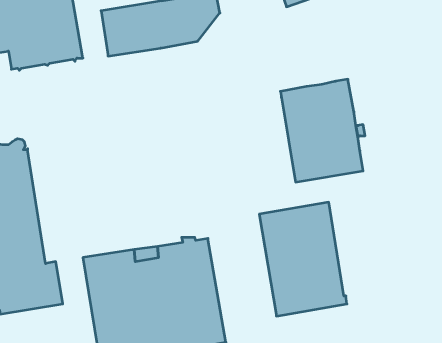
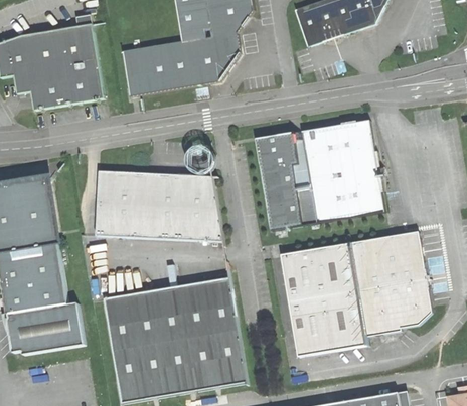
building: none -> [255,129,316,229]
building: none -> [96,170,223,241]
building: none -> [349,230,430,335]

